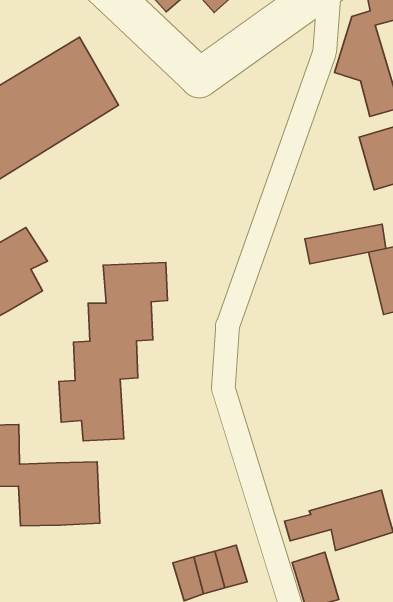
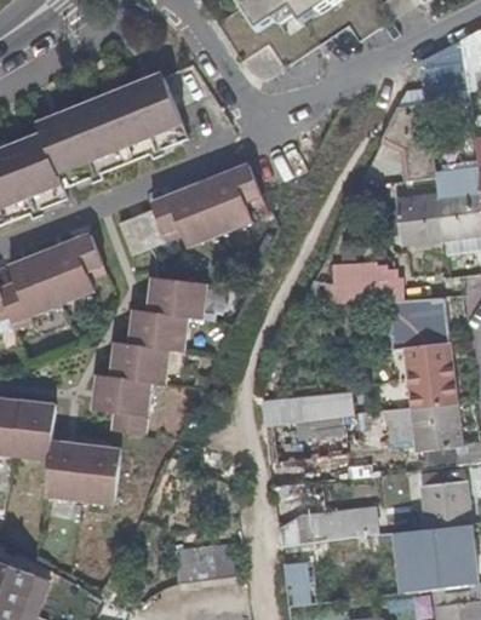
building: none -> [118,161,262,252]
building: none -> [260,389,371,442]

